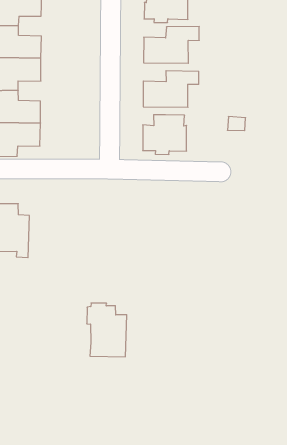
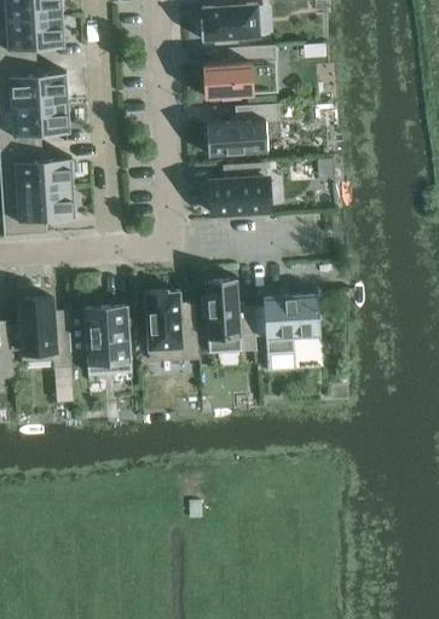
building: none -> [203,279,256,353]
building: none -> [83,305,131,366]
building: none -> [262,294,320,355]
building: [87,303,127,357] -> [141,290,197,361]

